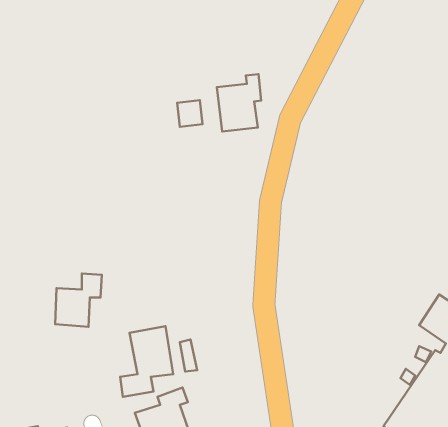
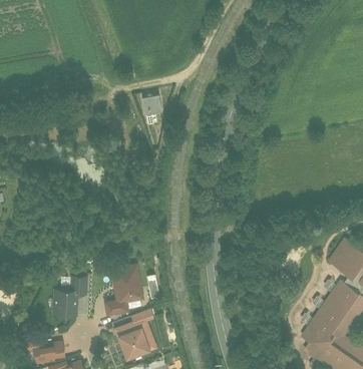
building: [217,74,261,132] -> none
building: [55,274,102,327] -> [51,274,86,314]

